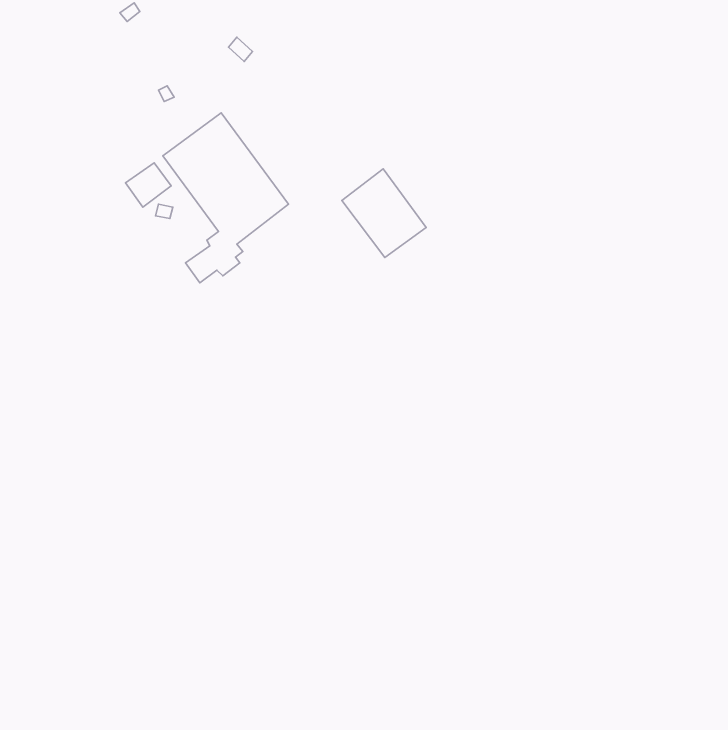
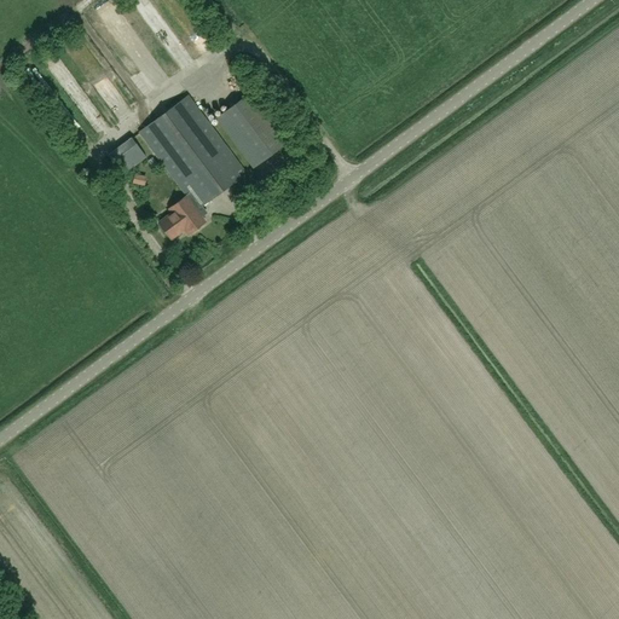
building: [342,169,426,258] -> [216,92,288,167]

